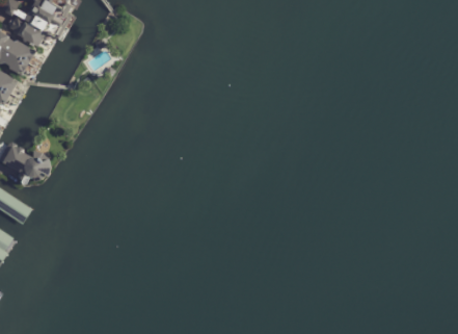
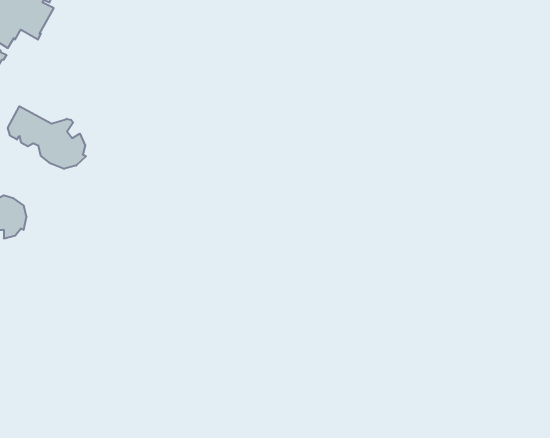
building: none -> [8,106,86,169]

